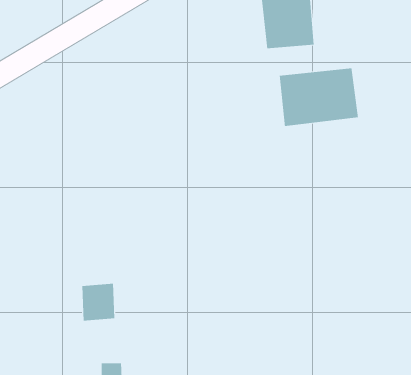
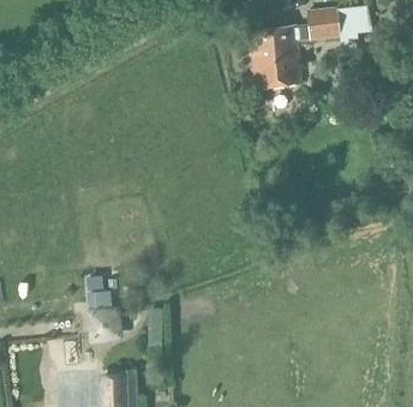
building: [279,67,359,127] -> none

